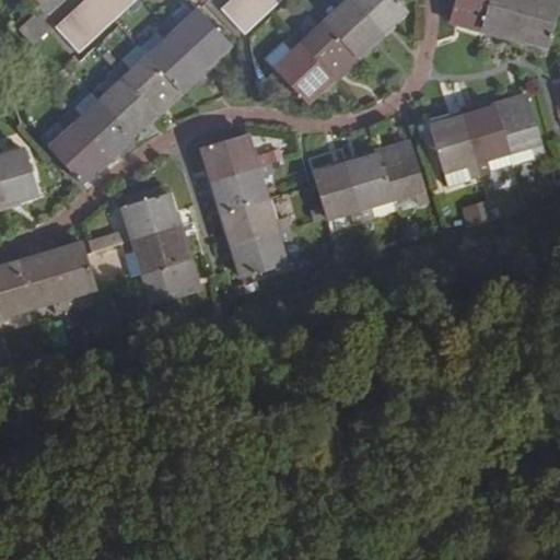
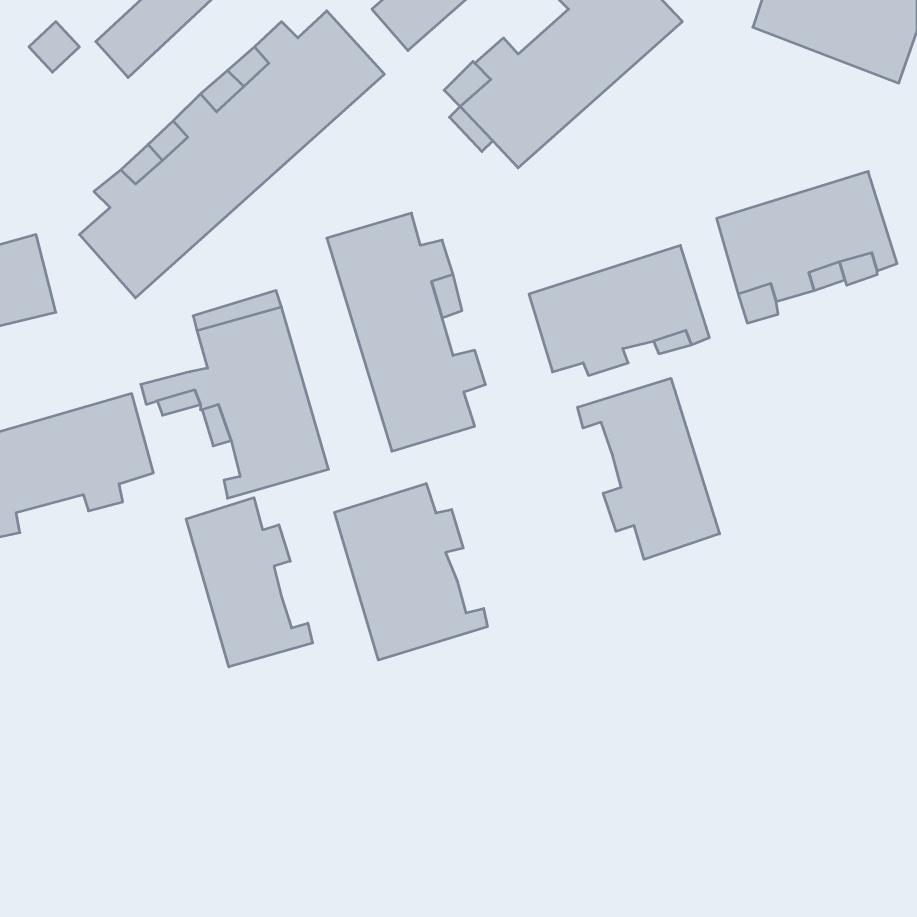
building: none -> [578,378,720,559]
building: none -> [335,483,487,660]
building: none -> [186,498,313,667]

